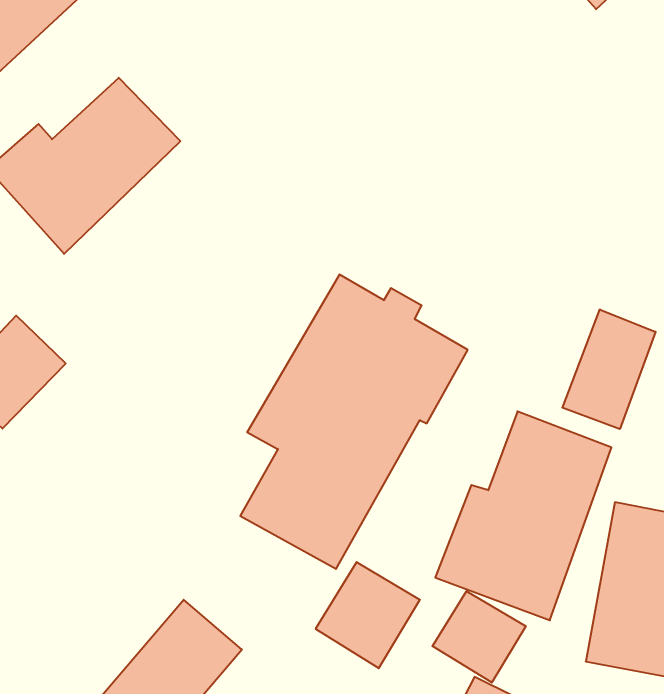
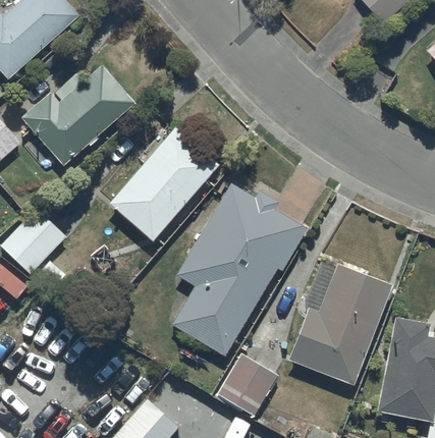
building: none -> [109,127,222,244]
building: [562,309,656,429] -> none
building: [432,591,526,683] -> none

